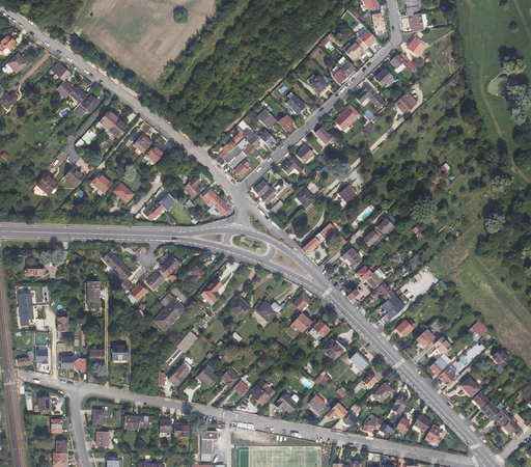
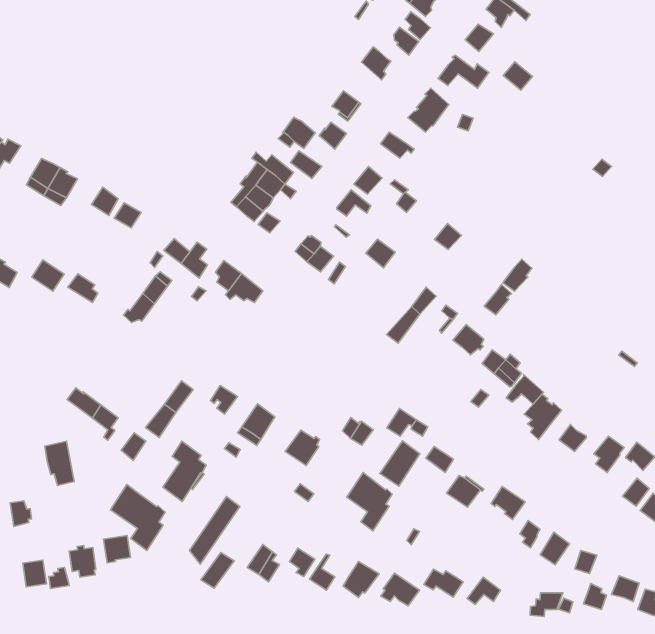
building: none -> [111,484,165,550]
building: none -> [347,472,392,531]

